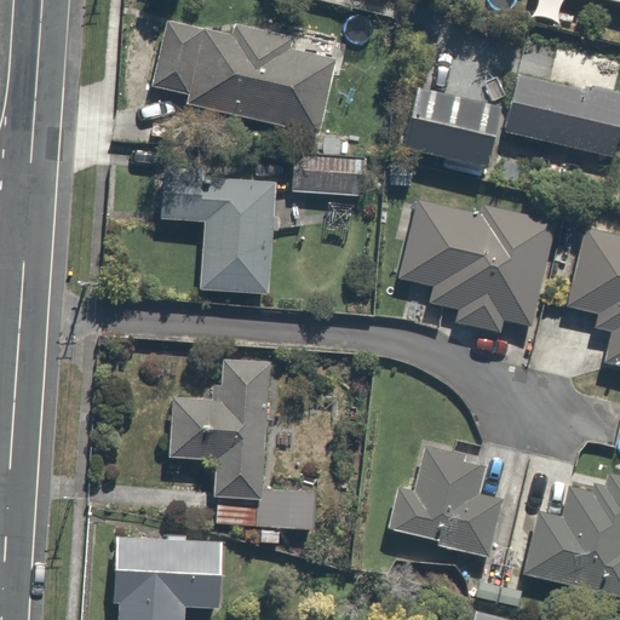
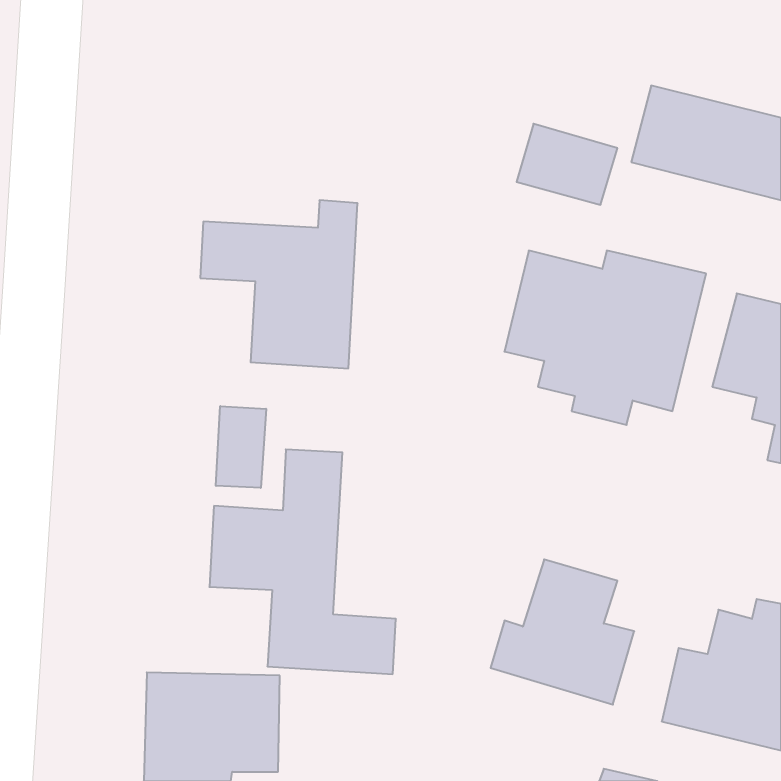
building: [144,21,337,132] -> none
building: [292,155,366,197] -> none
building: none -> [216,406,266,488]

